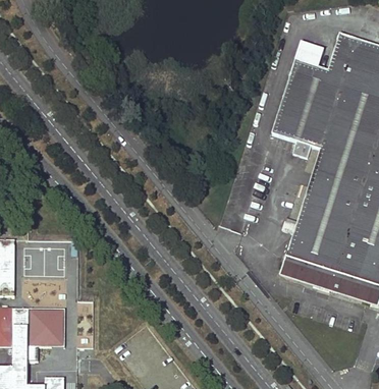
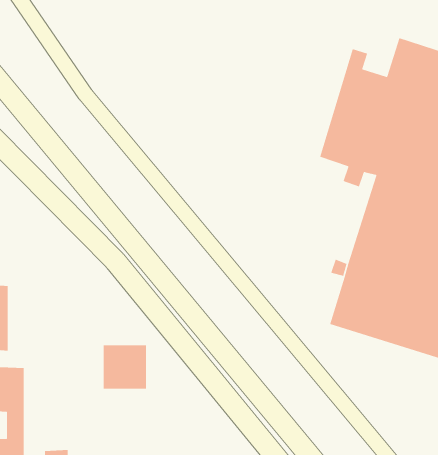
building: [29,308,65,345] -> [103,344,147,390]

